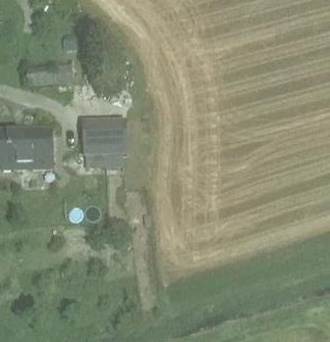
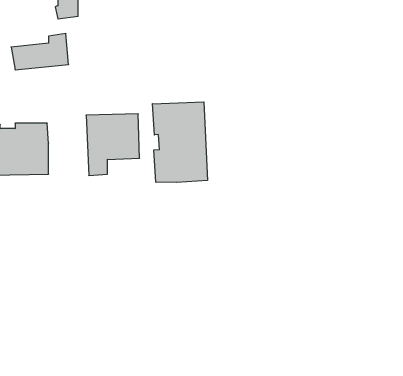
building: none -> [152,102,207,182]

